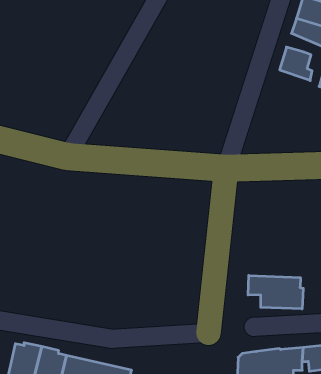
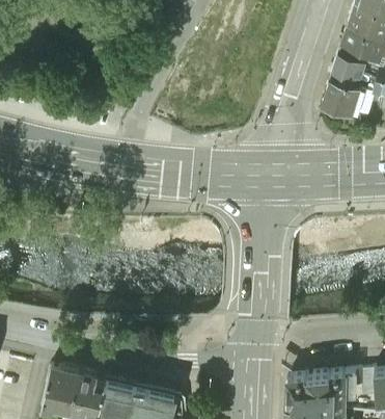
building: none -> [322,81,361,120]
building: [248,275,303,309] -> none

